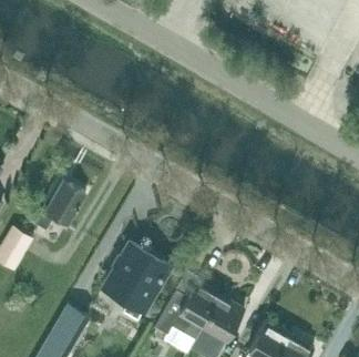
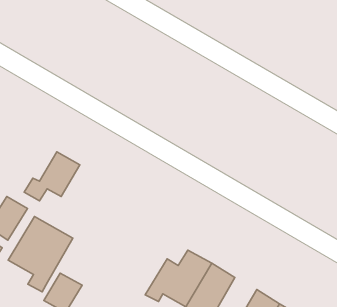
building: [103,244,168,320] -> [8,216,73,292]

